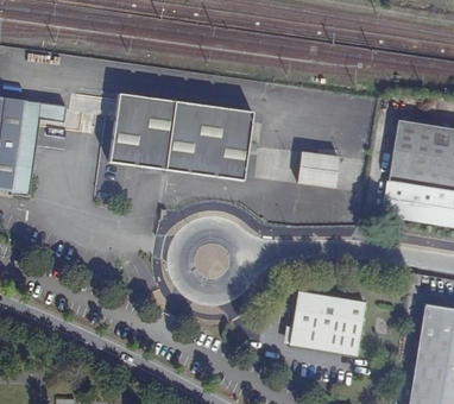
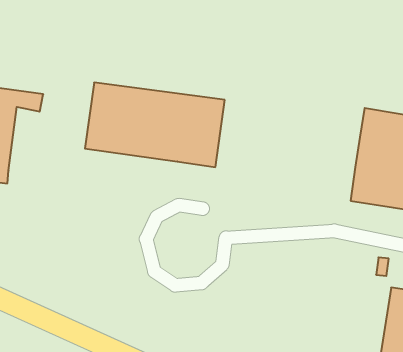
building: [298,151,339,187] -> none
building: [289,292,365,355] -> none

